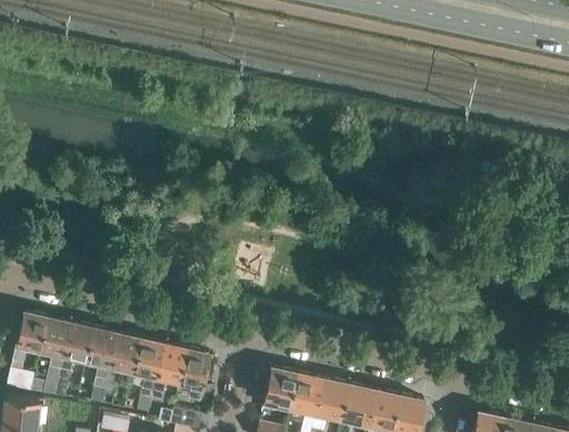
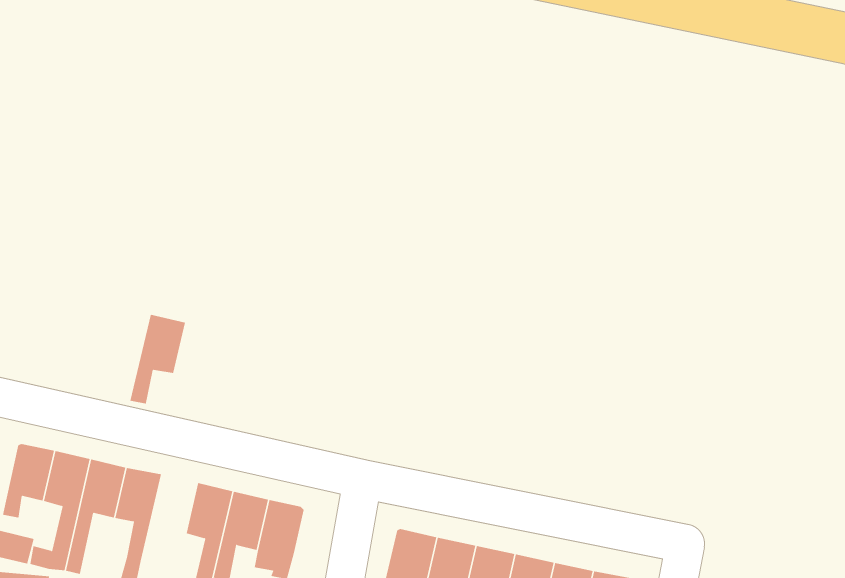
building: [103,332,140,391] -> [130,314,186,404]

